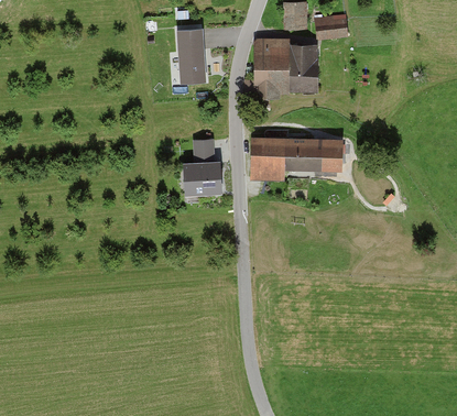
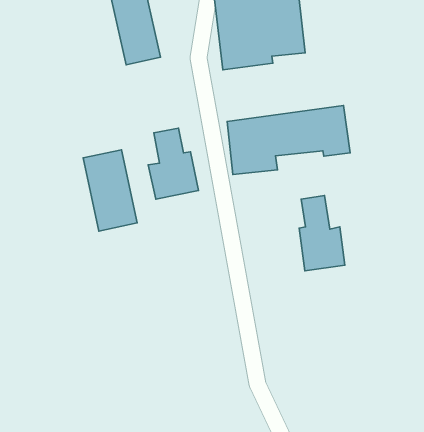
building: none -> [83,150,137,231]
building: none -> [299,196,345,271]

